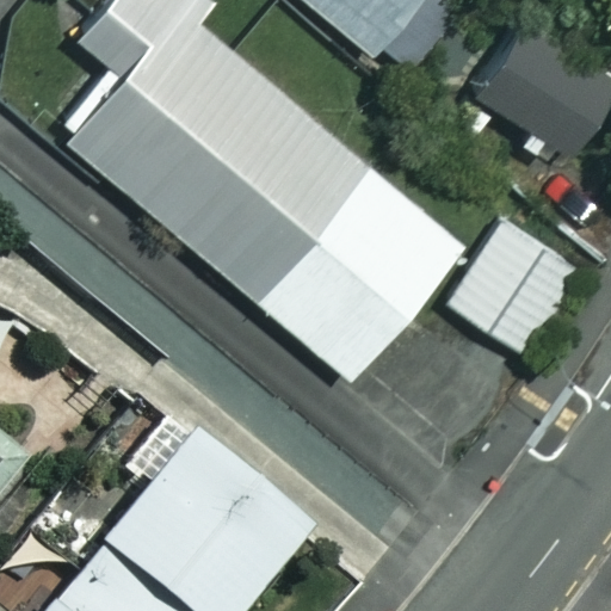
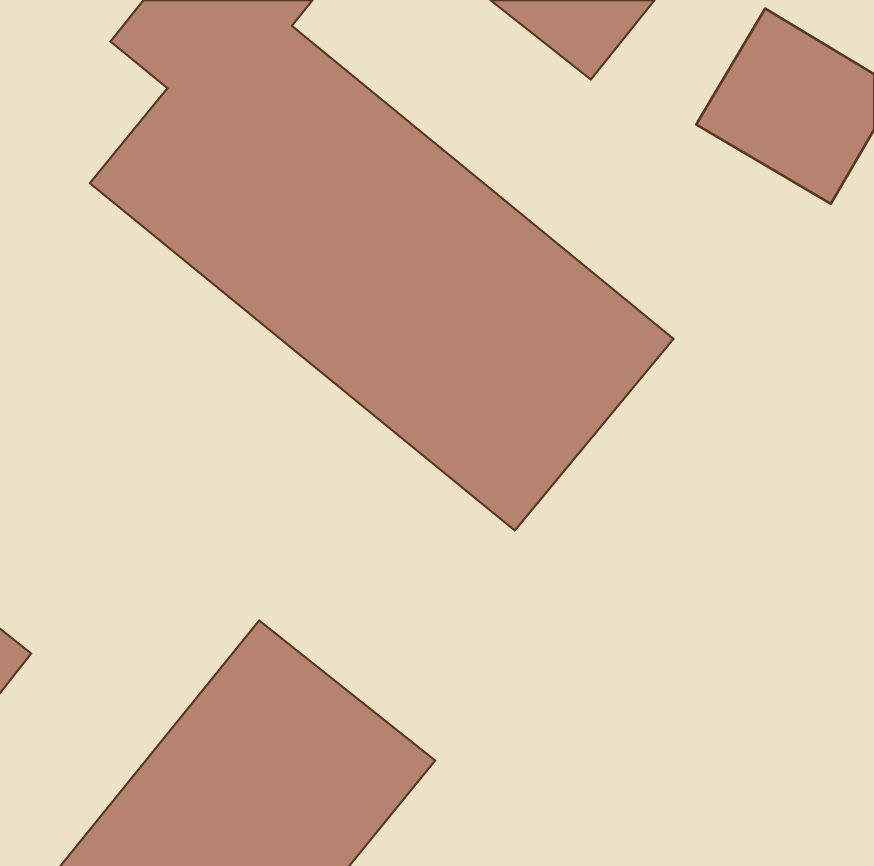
building: [449,228,584,364] -> none

